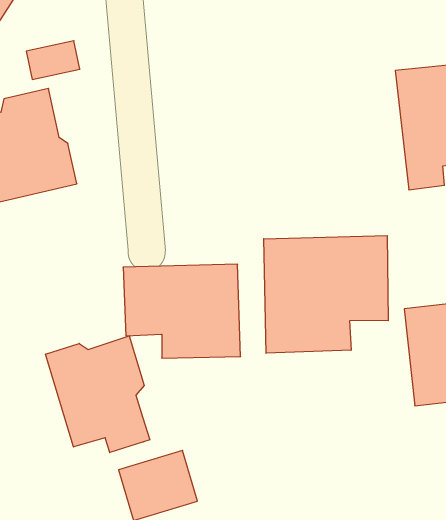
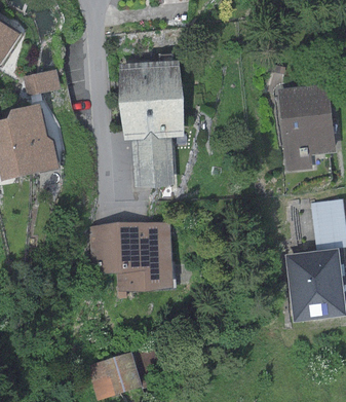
building: none -> [118,60,184,187]
building: [264,236,388,353] -> none
building: [46,336,150,453] -> none

